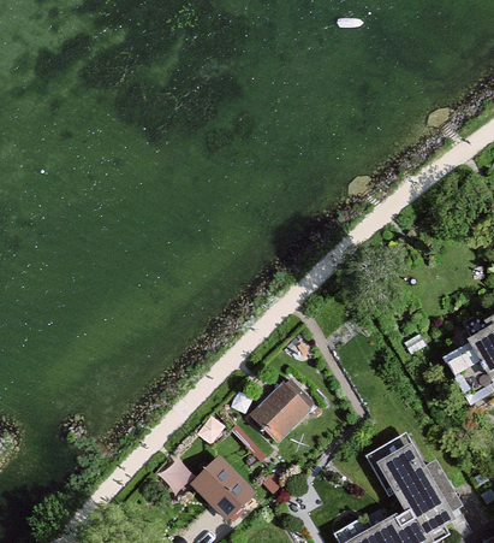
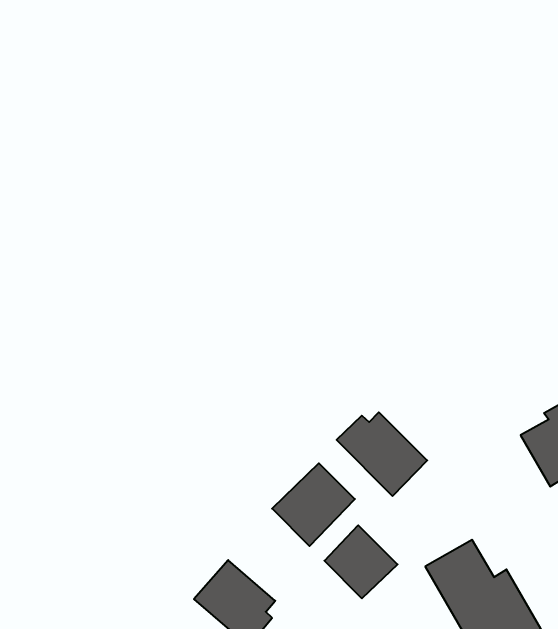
building: none -> [337,412,427,496]
building: none -> [324,525,398,598]

